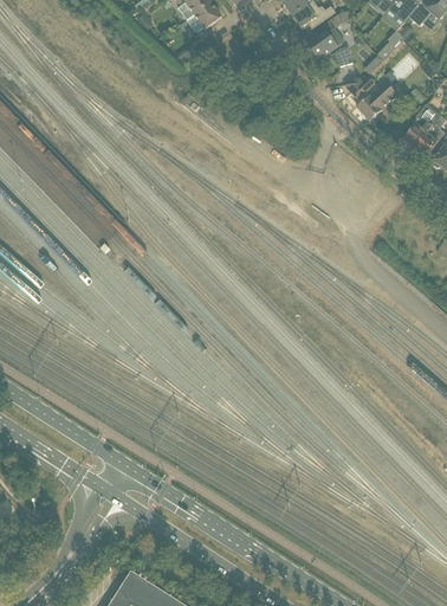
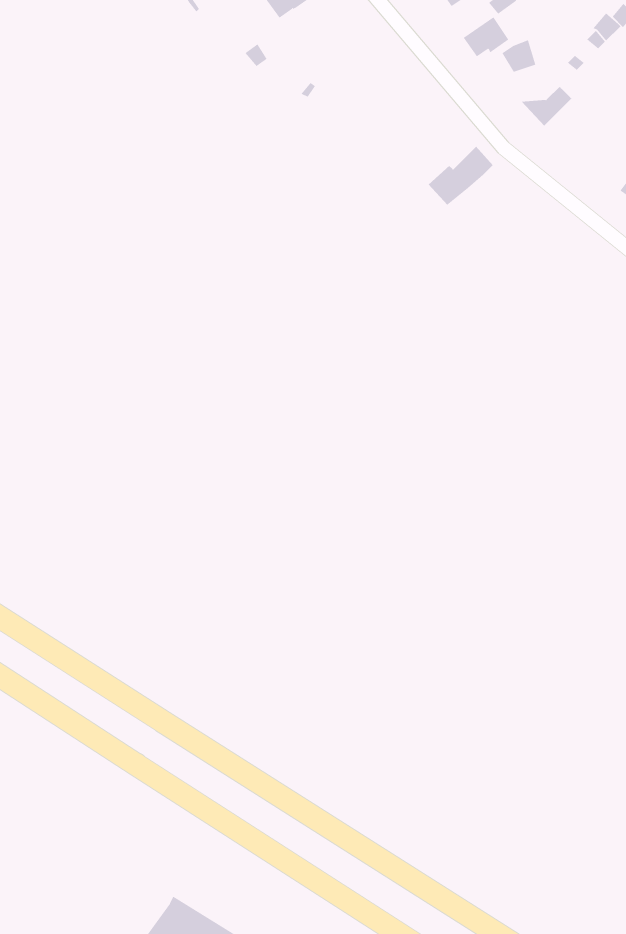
building: [355,83,395,120] -> [428,146,494,206]

